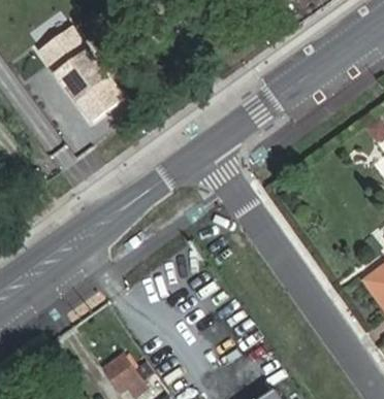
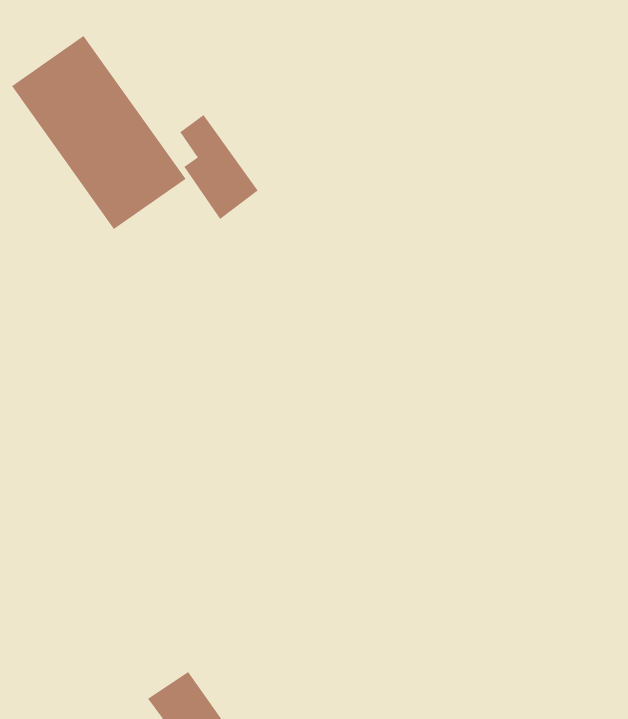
building: none -> [179,114,258,220]

